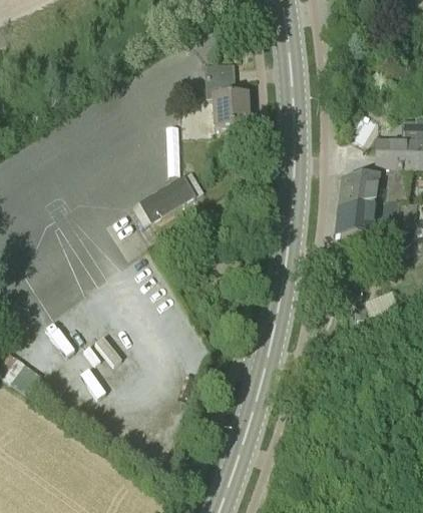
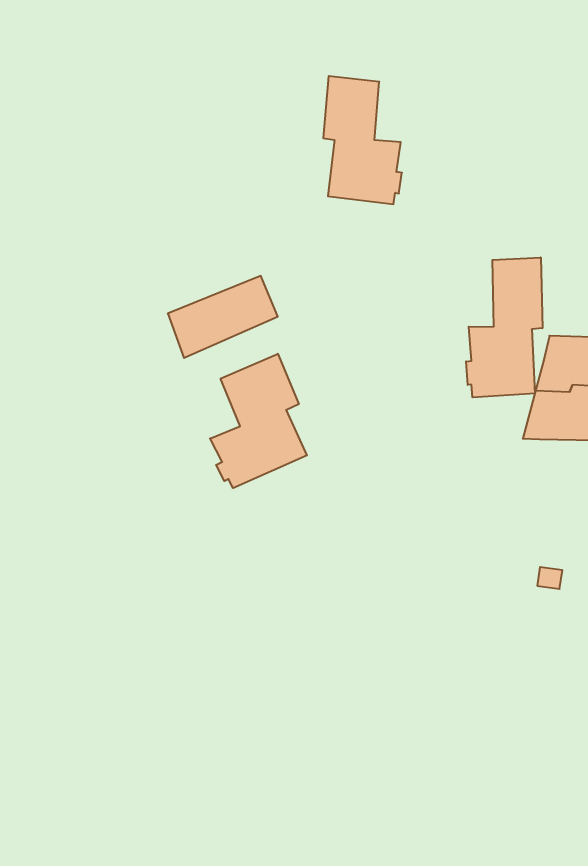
building: none -> [466,257,542,397]
building: none -> [210,354,307,488]

